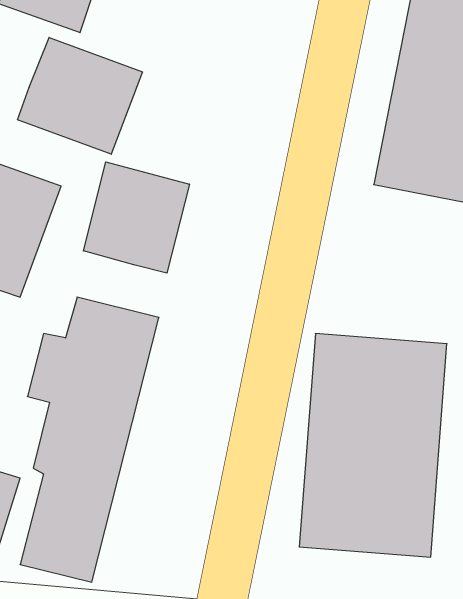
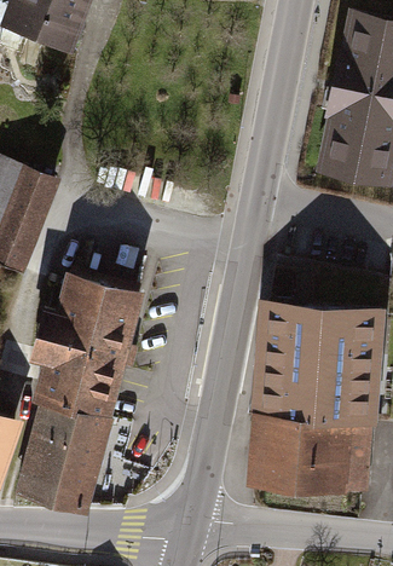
building: [18,37,143,154] -> none
building: [83,162,189,273] -> none

